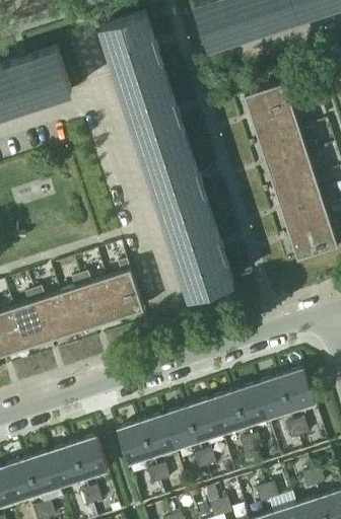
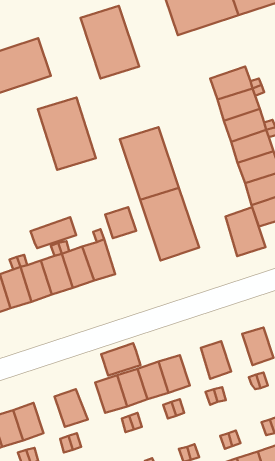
building: [124,82,188,162] -> [38,97,96,170]
building: none -> [105,207,136,238]
building: none -> [225,207,266,256]
building: none -> [31,217,76,248]
building: [257,377,291,419] -> none
building: none -> [101,343,140,376]
building: [211,392,245,434] -> none
building: [50,446,84,487] -> none

